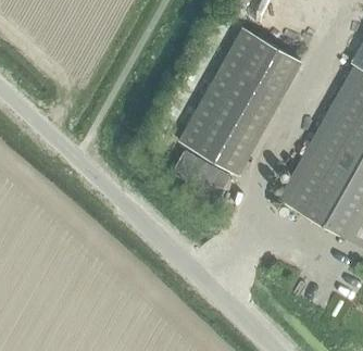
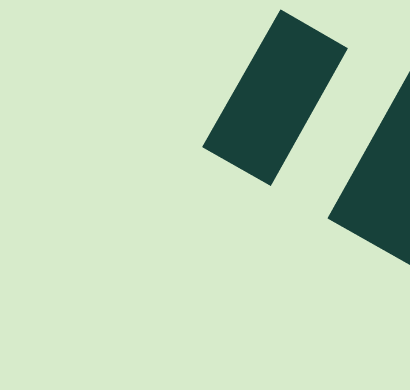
building: [172,150,229,198] -> none

